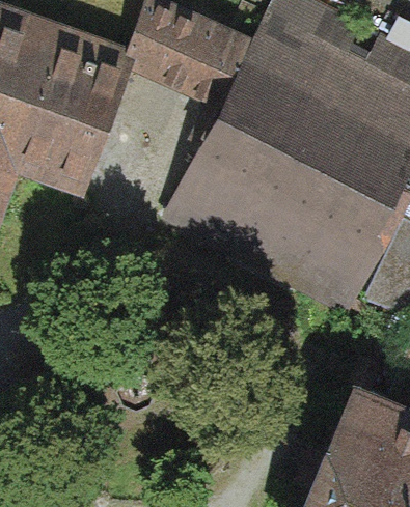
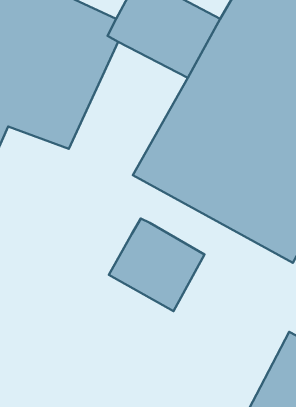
building: none -> [109,218,204,311]

